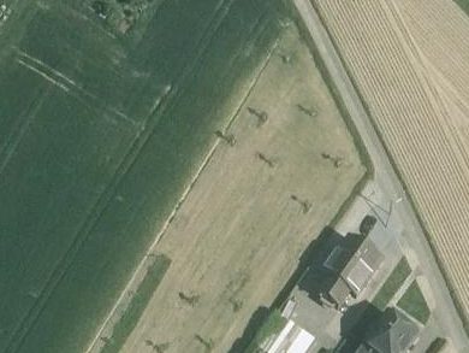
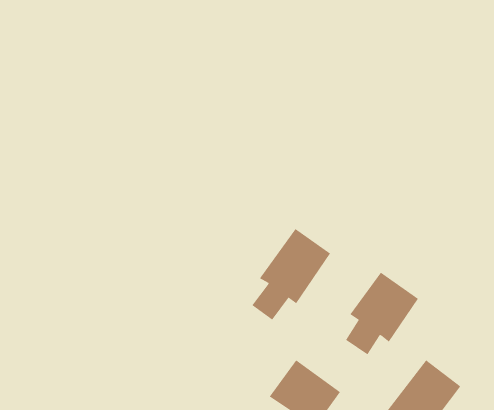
building: none -> [251,228,331,320]

